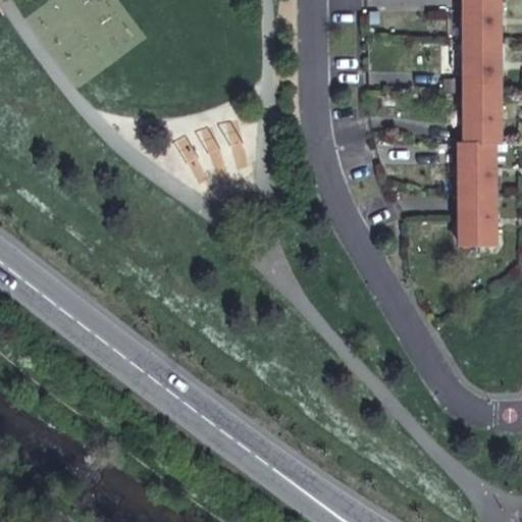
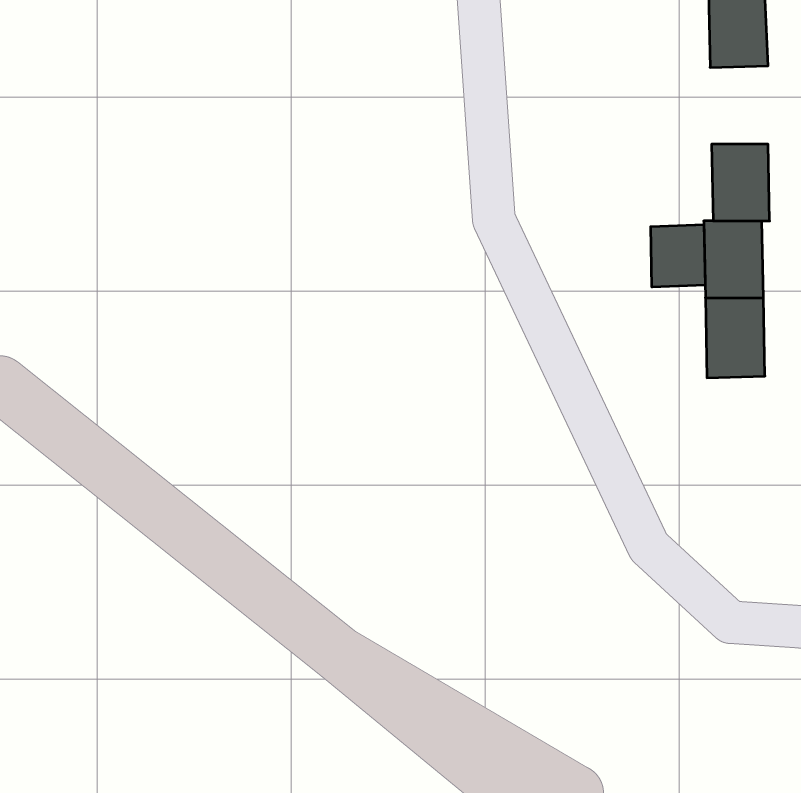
building: [462,43,500,94] -> none
building: none -> [651,225,705,287]

